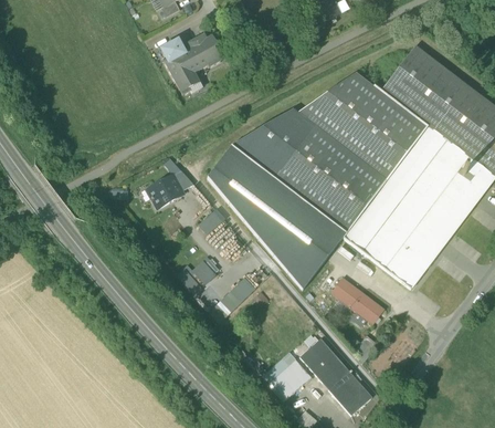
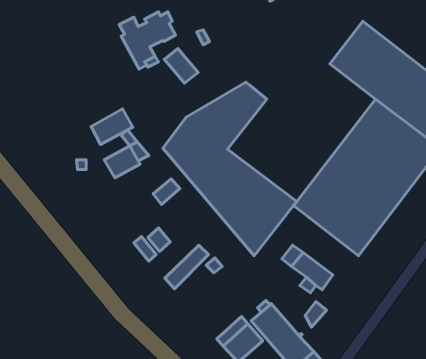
building: [275,72,429,231] -> none
building: none -> [164,49,198,83]
building: none -> [91,109,133,145]

